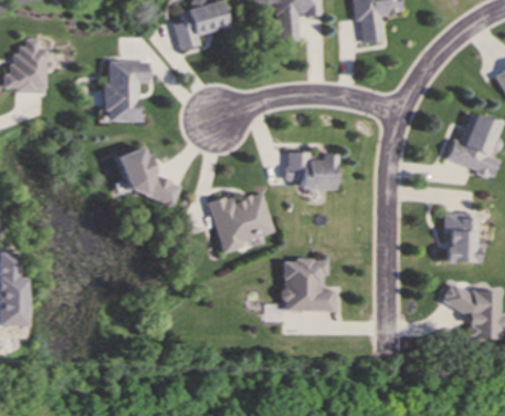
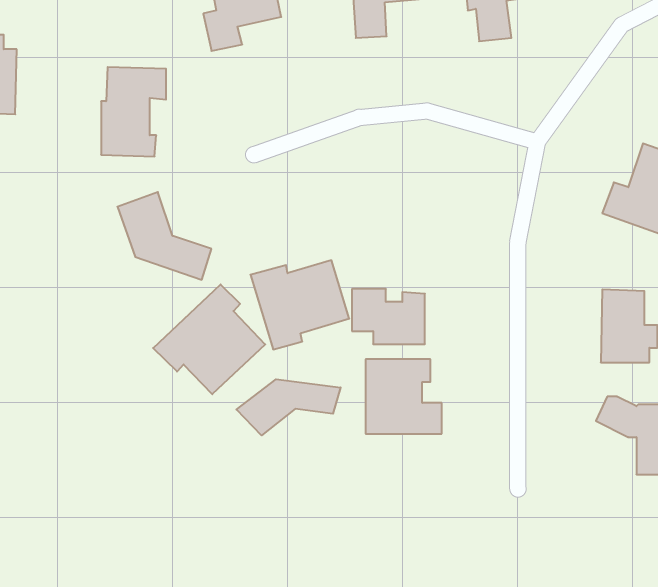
building: [287,150,337,188] -> [352,289,425,344]
building: none -> [153,284,265,394]
building: none -> [236,379,341,435]

